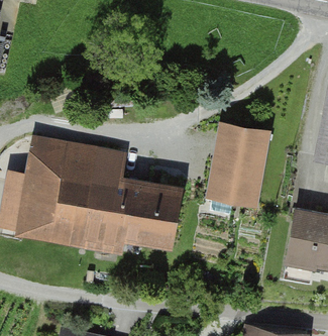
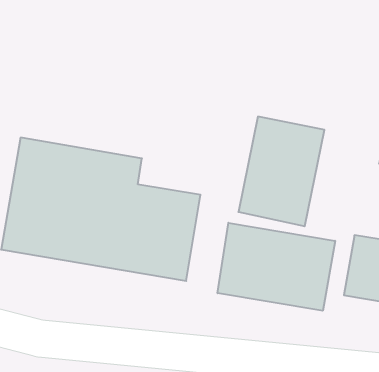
building: none -> [218,223,335,311]

